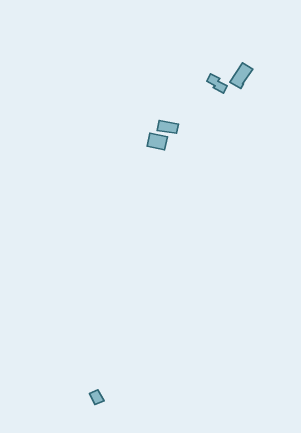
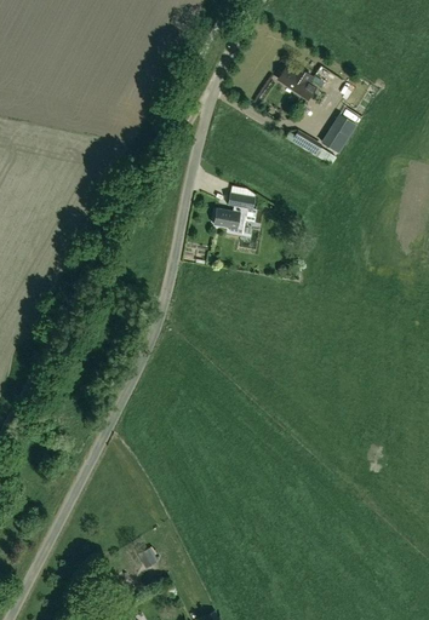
building: none -> [279,69,314,98]

